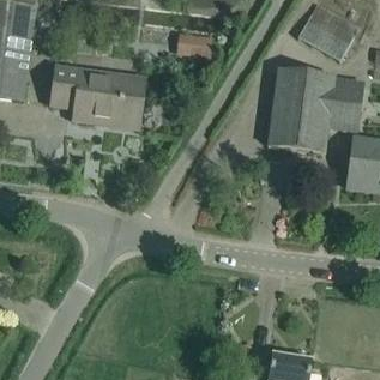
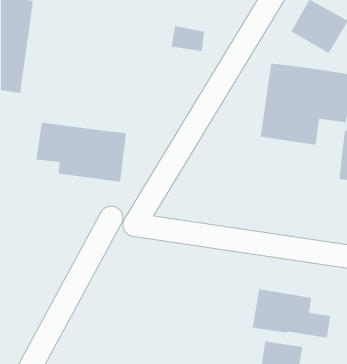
building: [49,67,143,128] -> [35,122,127,182]
building: none -> [252,288,331,339]

